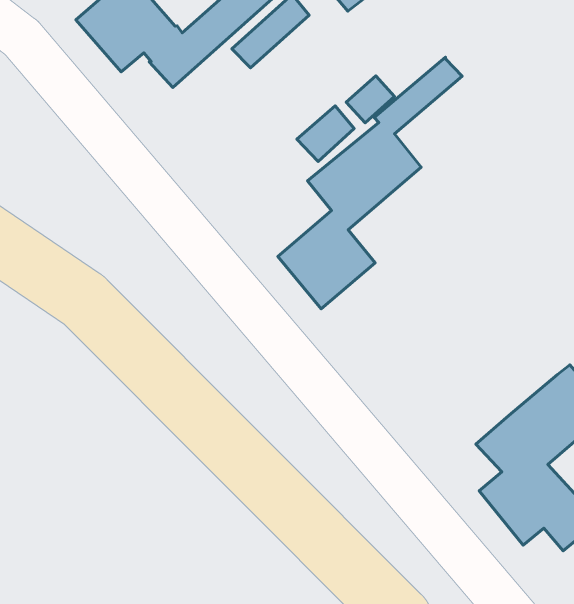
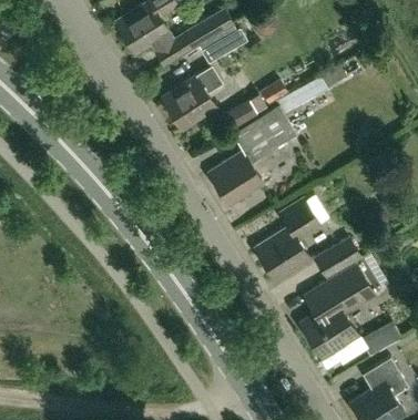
building: none -> [162,66,223,132]
building: none -> [254,199,320,283]
building: none -> [315,238,360,278]

